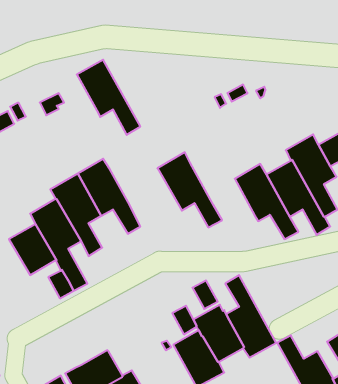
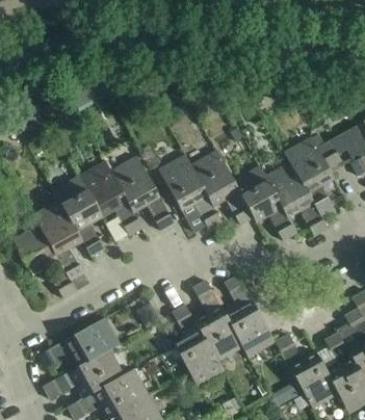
building: [77,60,140,135] -> [111,156,174,230]
building: none -> [190,150,254,224]
building: none -> [38,317,120,367]

